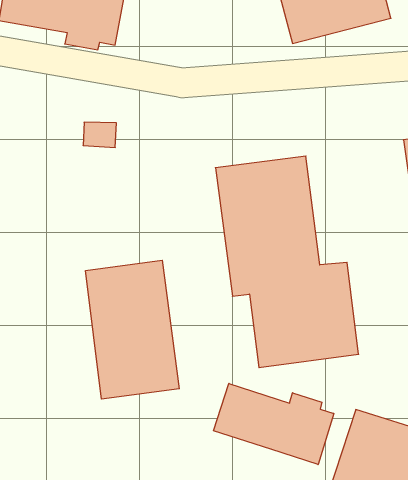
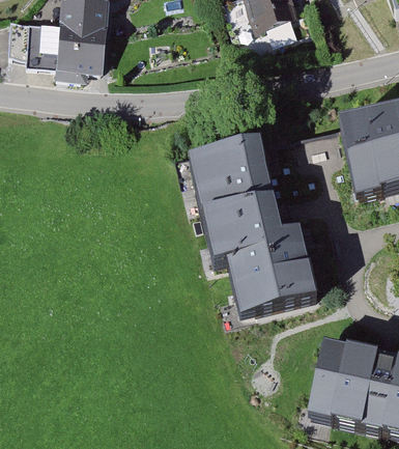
building: [86,260,179,399] -> none
building: [213,383,334,465] -> none

